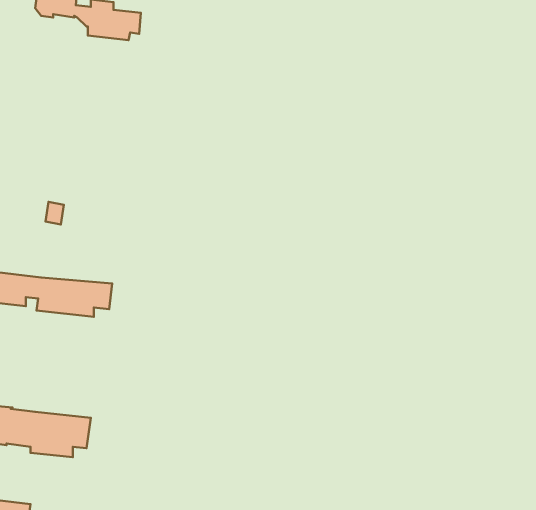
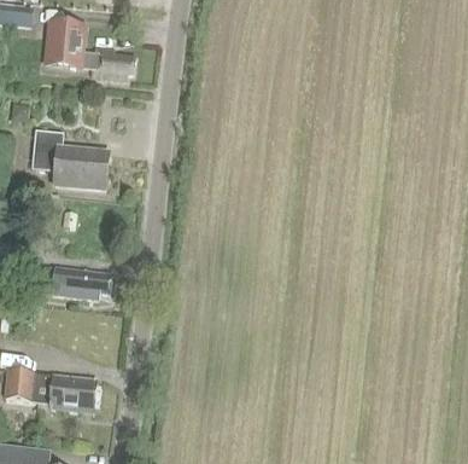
building: none -> [34,132,111,191]

